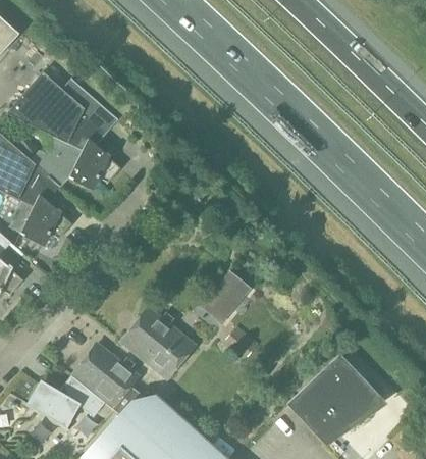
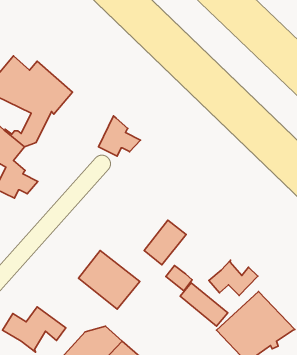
building: [69,139,120,188] -> [98,116,141,156]
building: none -> [209,260,258,296]
building: [70,342,139,401] -> none
building: none -> [180,283,228,326]

